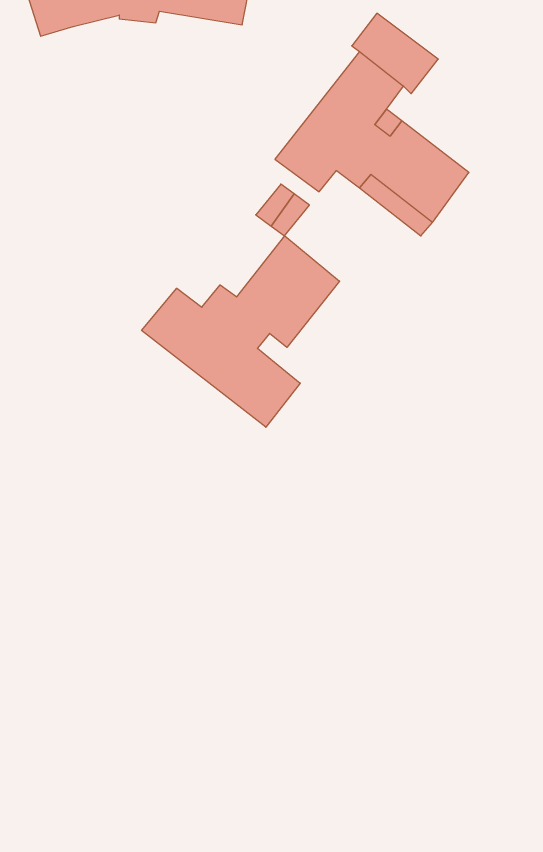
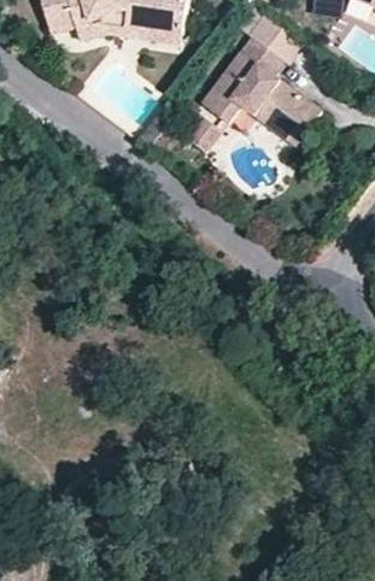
building: none -> [71,11,177,37]
building: [142,236,340,427] -> none

